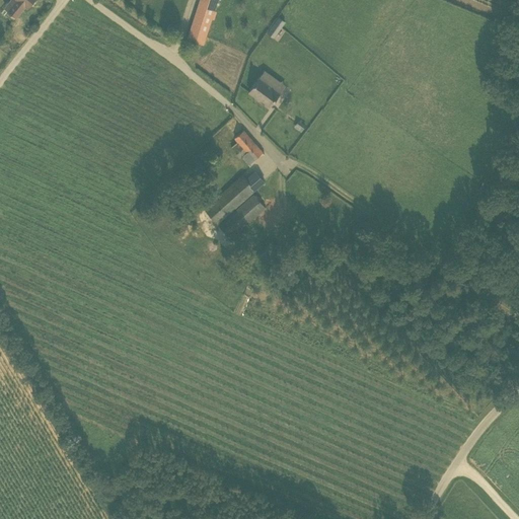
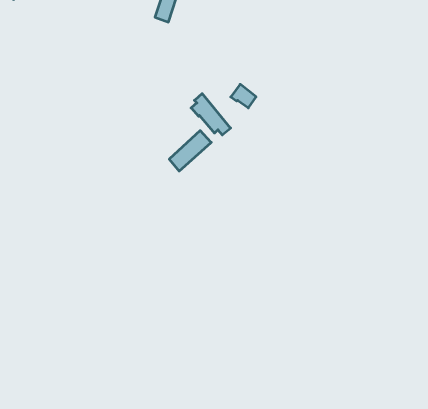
building: [250,74,281,102] -> [231,84,256,108]
building: [220,191,267,235] -> none

